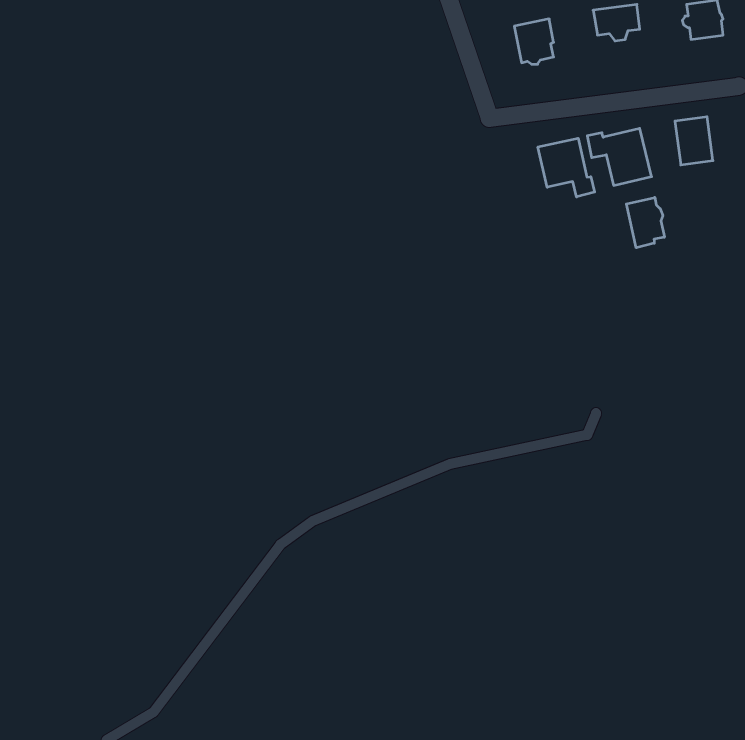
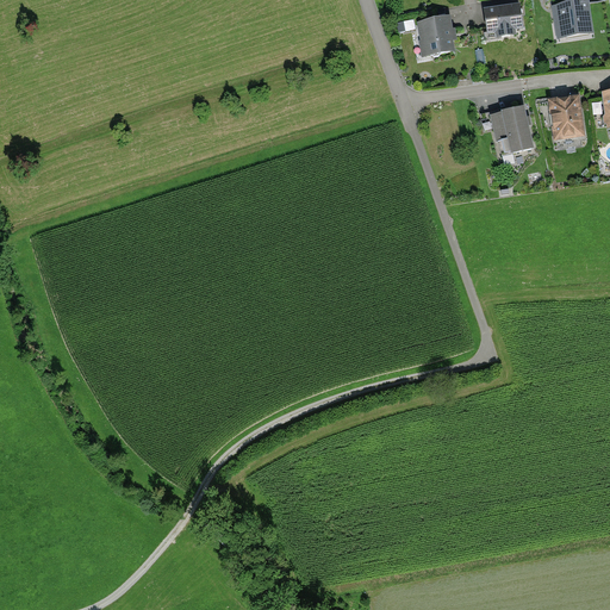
building: [538,138,595,197] -> none
building: [626,197,664,248] -> none

